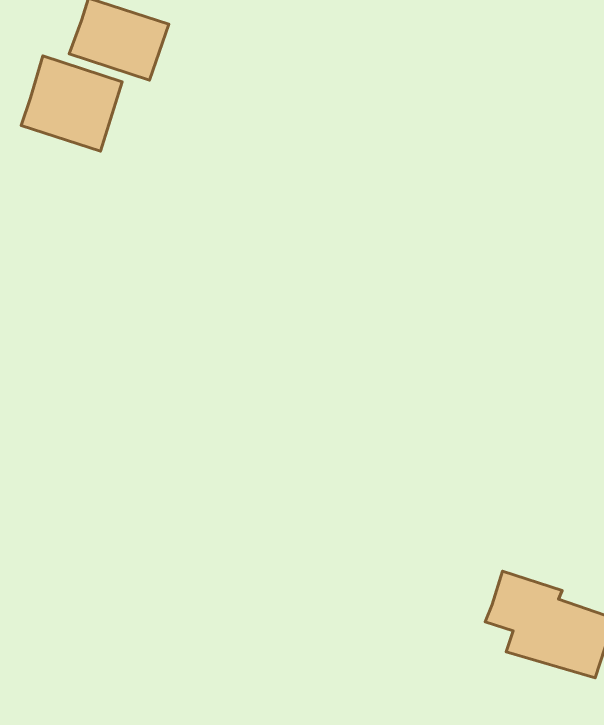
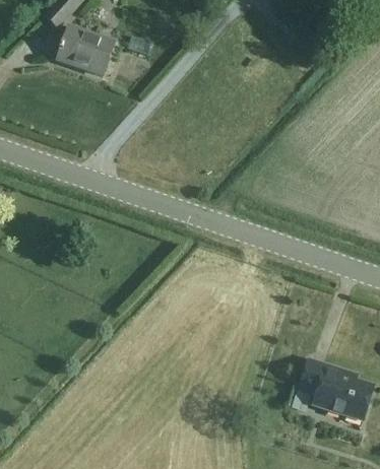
building: [21,56,122,151] -> none

